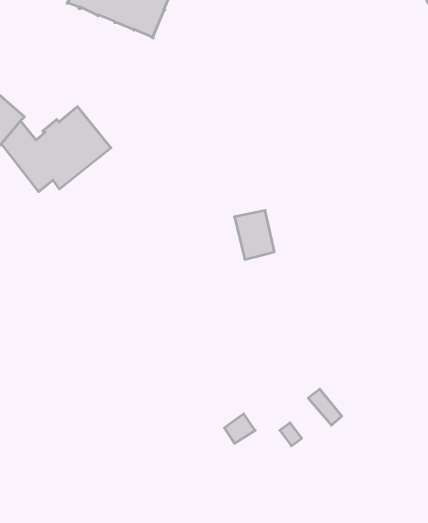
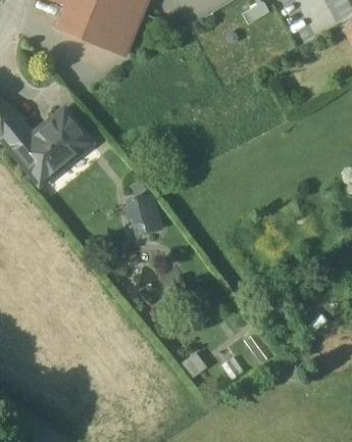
building: [234,210,274,259] -> [131,198,162,237]

